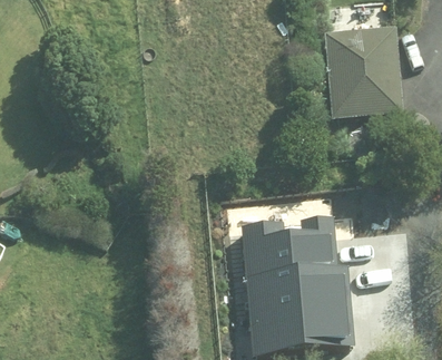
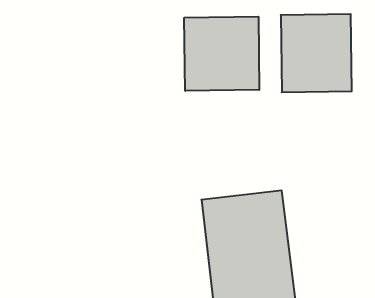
building: none -> [184,17,259,91]

